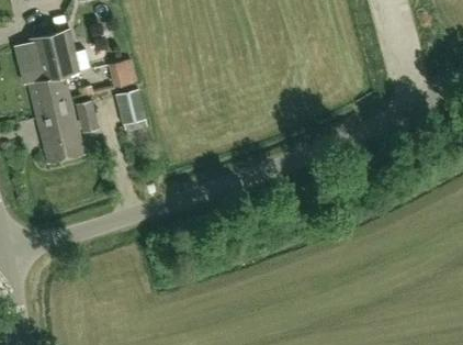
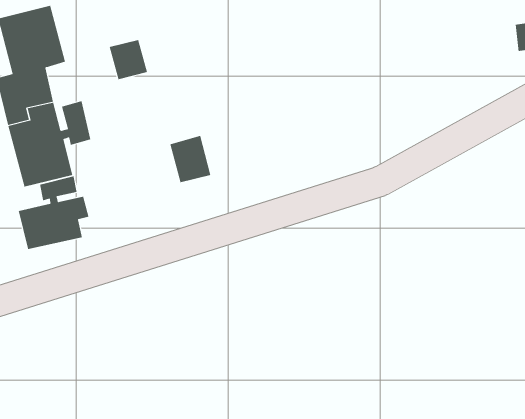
building: [114,89,145,124] -> [169,135,211,183]
building: none -> [18,175,89,250]

